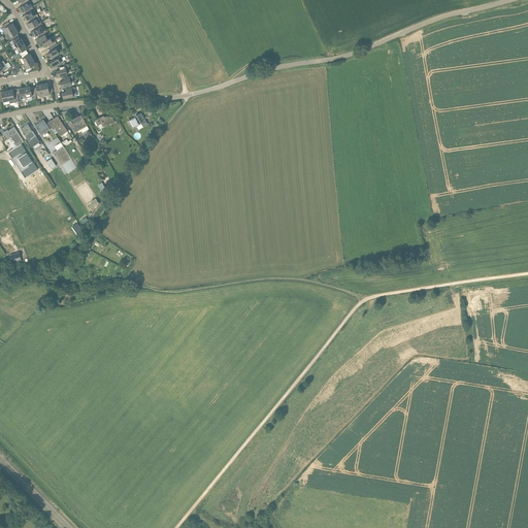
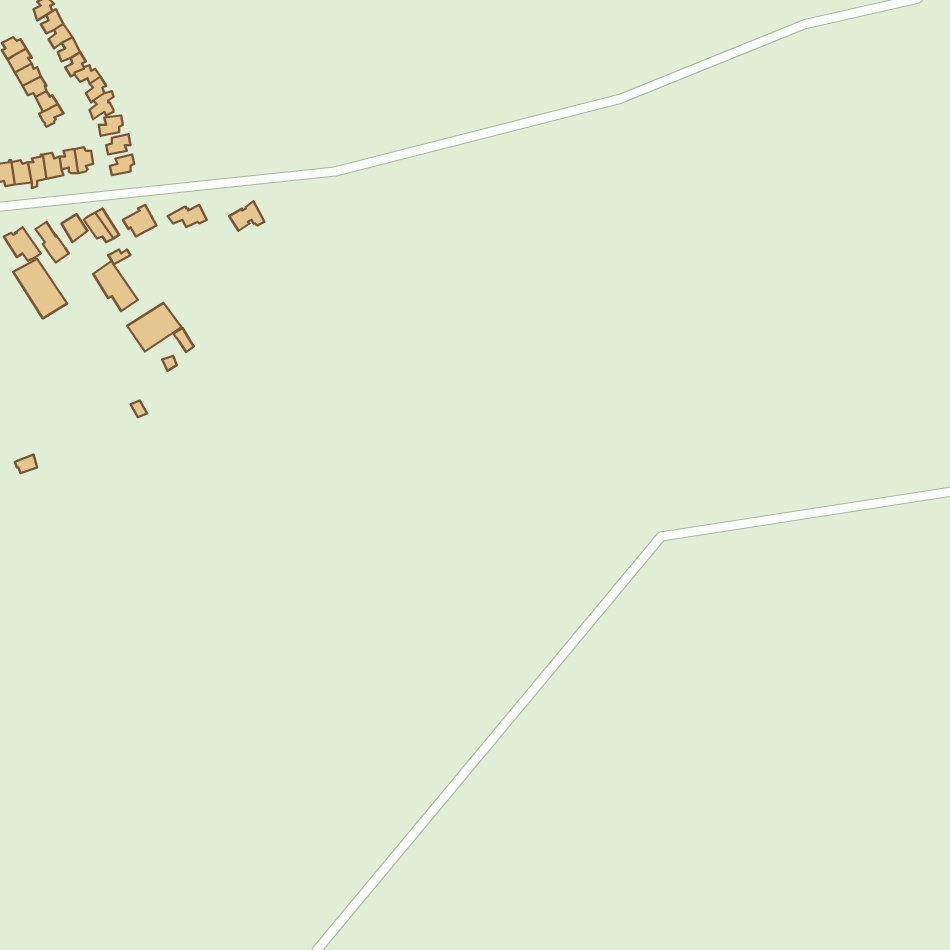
building: none -> [127,303,181,352]

